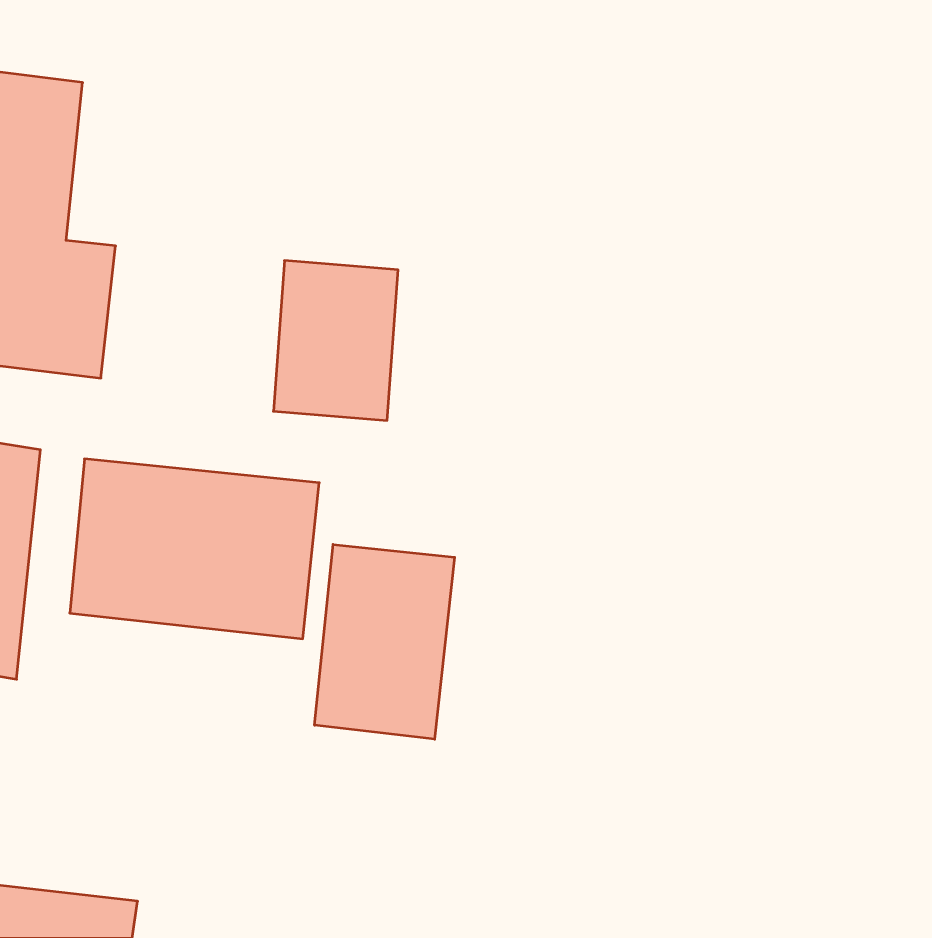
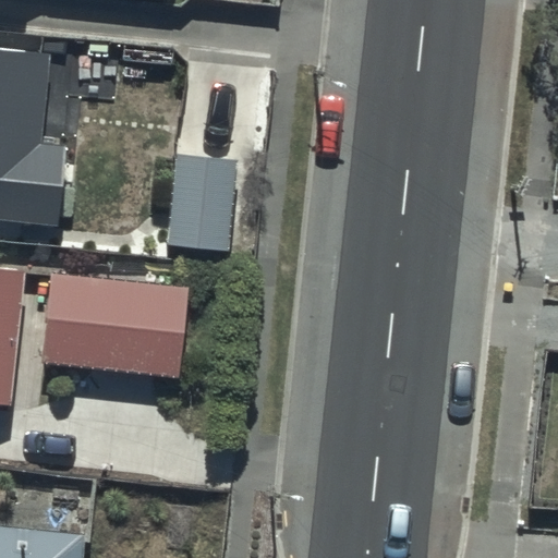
building: [315,544,455,739] -> none

